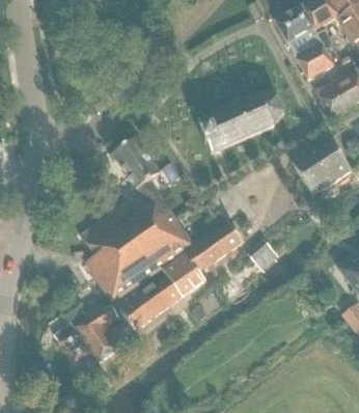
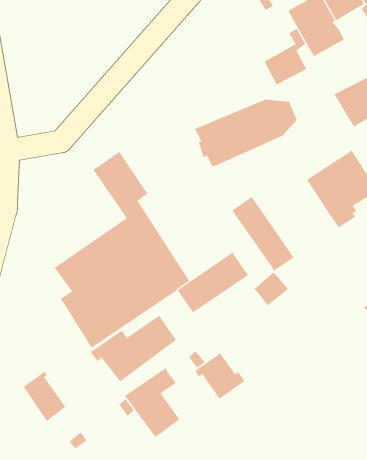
building: [298,30,334,78] -> [264,28,307,85]
building: none -> [232,196,294,272]
building: [163,255,205,295] -> [194,352,245,400]
building: [75,302,121,361] -> [124,367,180,438]

